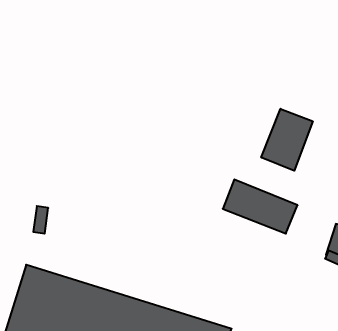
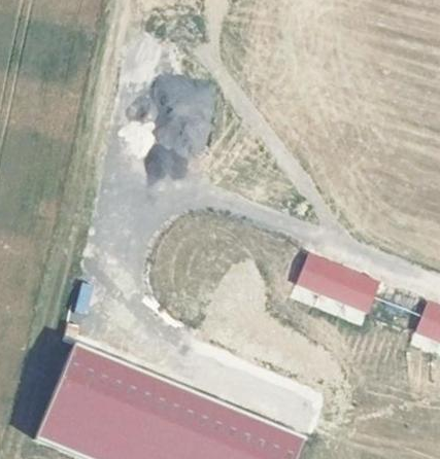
building: [261,109,313,171] -> none

